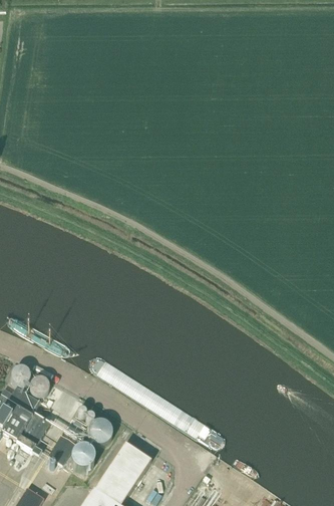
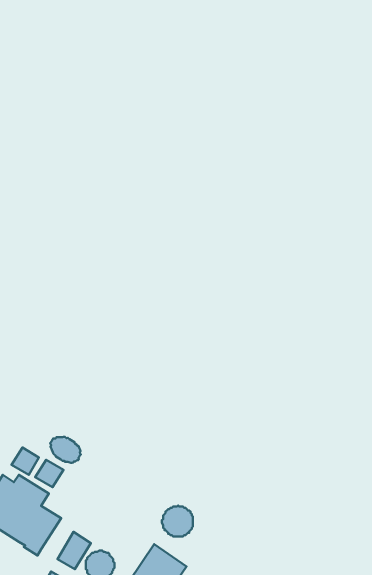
building: none -> [50,437,81,463]
building: [86,420,111,445] -> [162,505,193,536]

